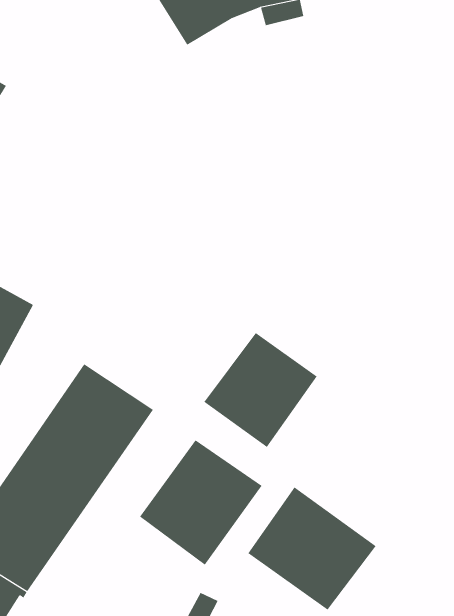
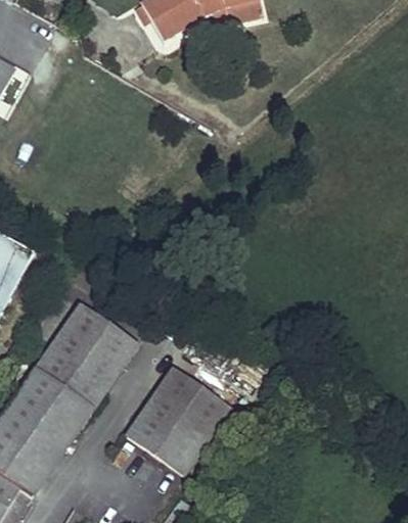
building: [204,332,318,448] -> none
building: [247,487,377,611] -> none

